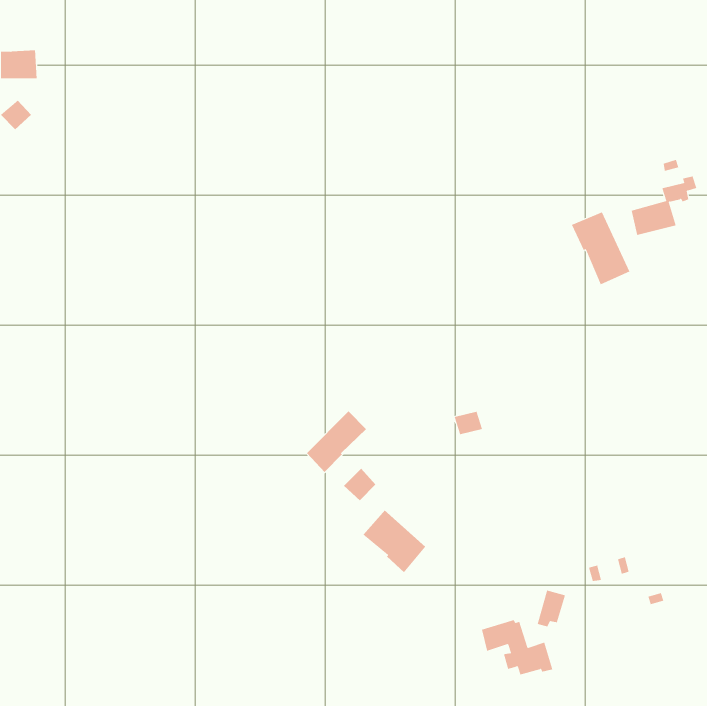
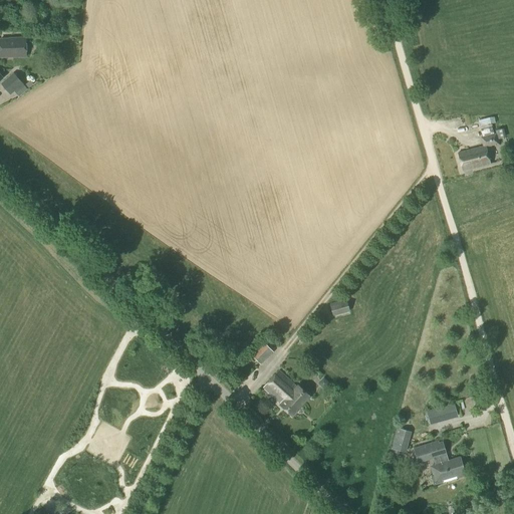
building: [571,212,630,285] -> none
building: [306,411,367,473] -> none
building: [481,620,553,675] -> [414,440,466,480]

